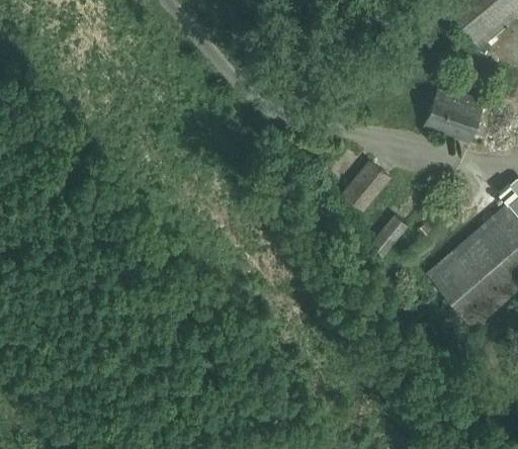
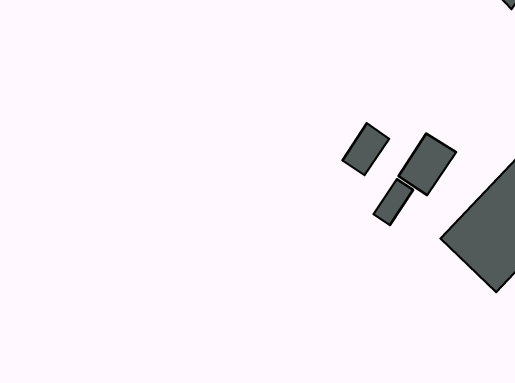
building: [424,86,484,145] -> none
building: none -> [399,134,456,195]

